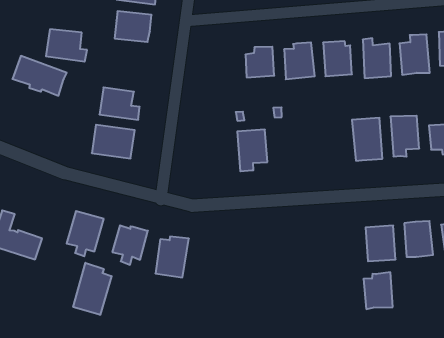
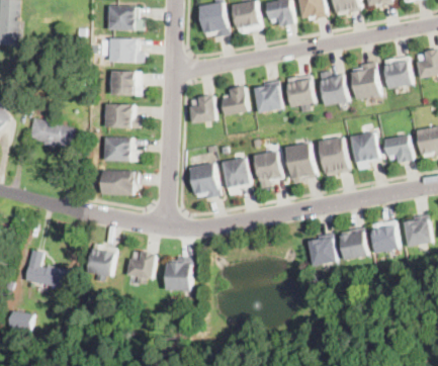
building: [46,29,87,62] -> [104,104,139,128]
building: none -> [189,95,215,123]
building: none -> [286,143,317,182]
building: none -> [255,151,282,188]
building: none -> [190,163,220,198]
building: [73,263,112,315] -> none
building: [363,272,393,309] -> [309,233,336,266]

